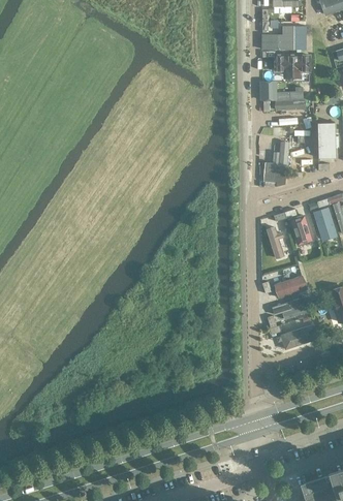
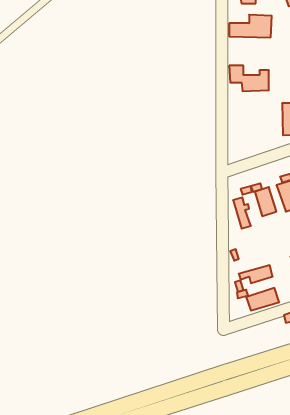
building: [274,55,309,81] -> none
building: [262,142,288,182] -> none
building: [274,276,306,299] -> none

